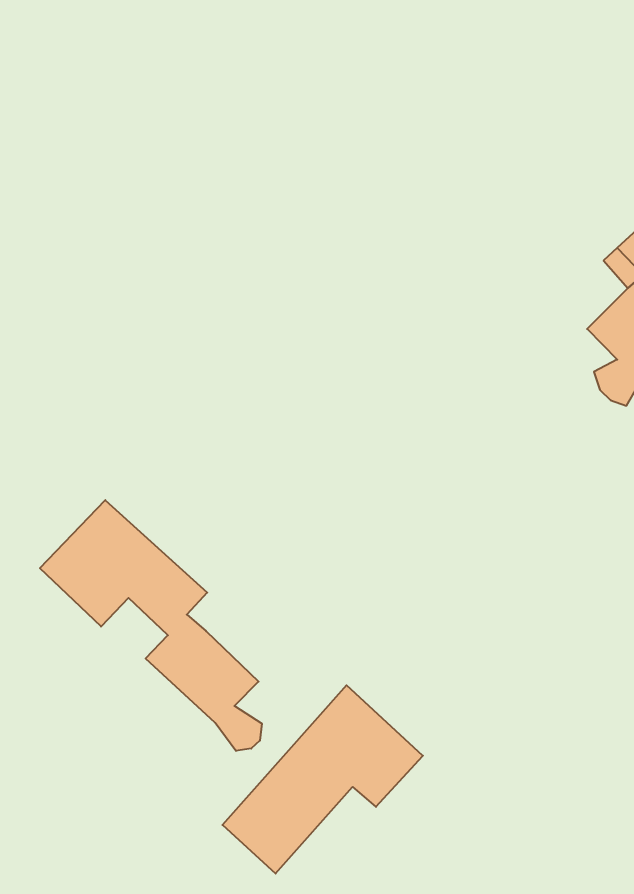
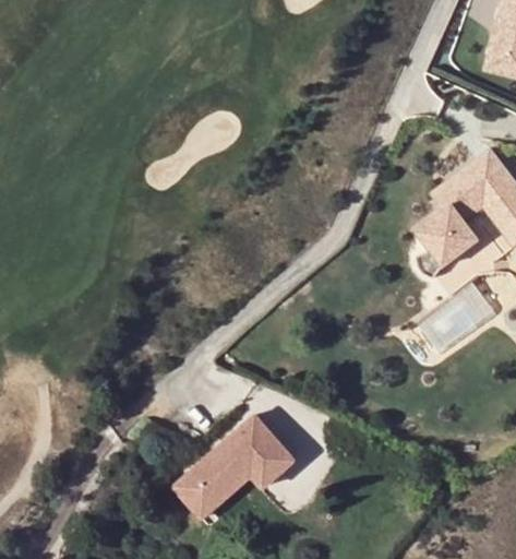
building: [40,500,262,751] -> none

